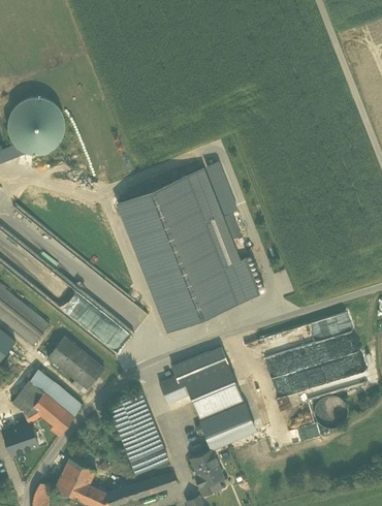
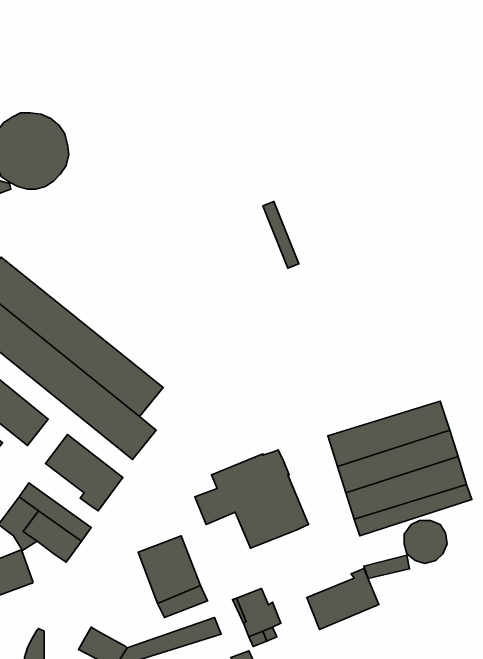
building: [119,170,259,330] -> none
building: [110,391,150,424] -> none
building: [202,404,256,449] -> [307,568,379,629]
building: [55,457,97,497] -> none

